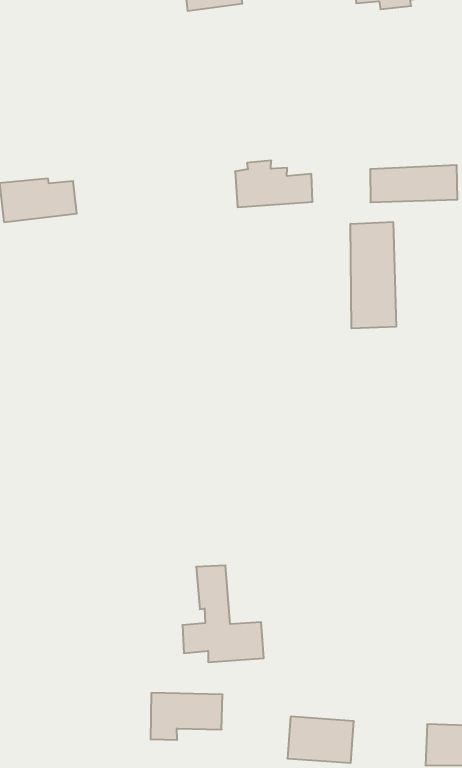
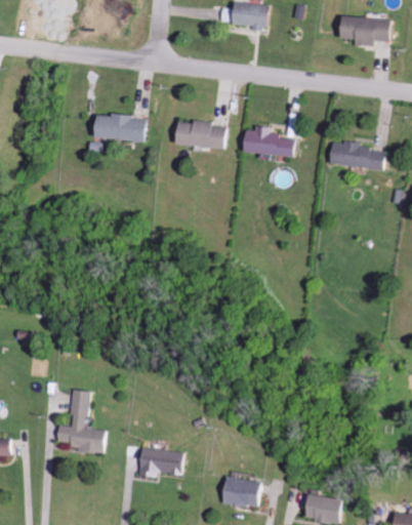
building: none -> [176,120,226,150]
building: [351,222,396,328] -> none
building: [182,565,264,662] -> [54,390,106,453]

